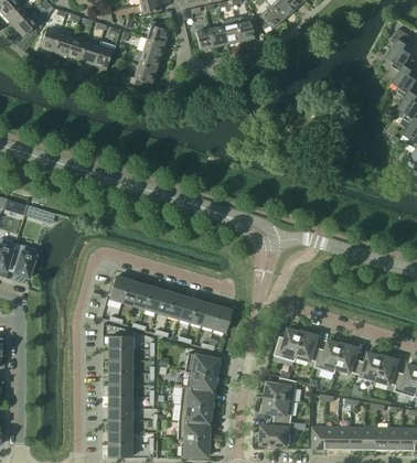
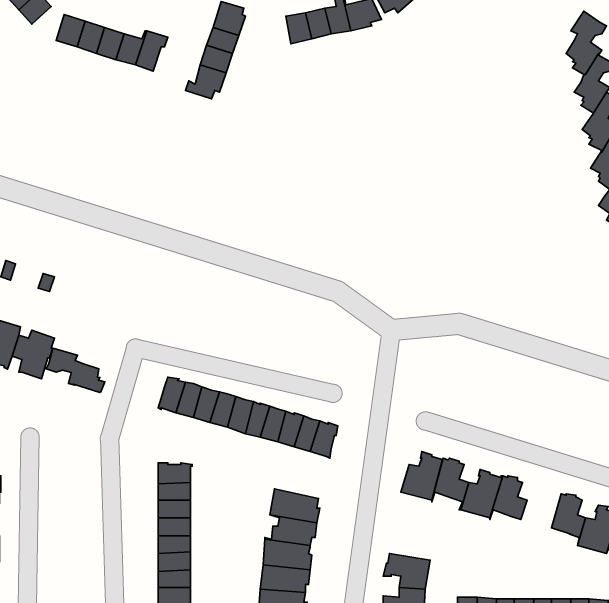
building: none -> [46,348,105,393]
building: [356,352,384,379] -> none
building: [267,376,298,401] -> none

